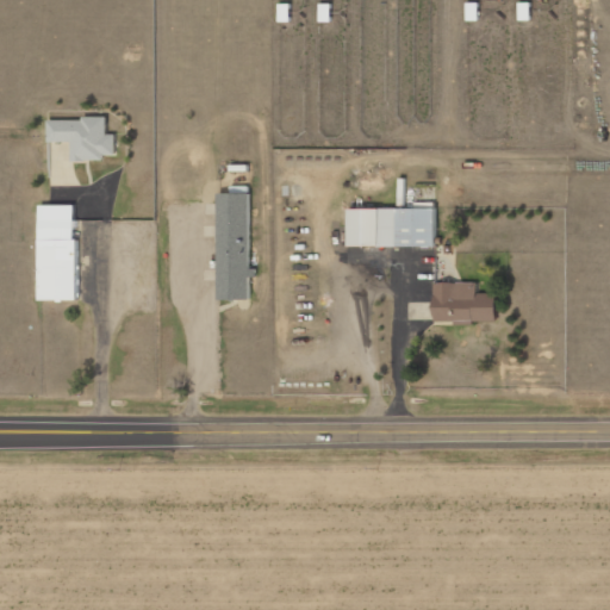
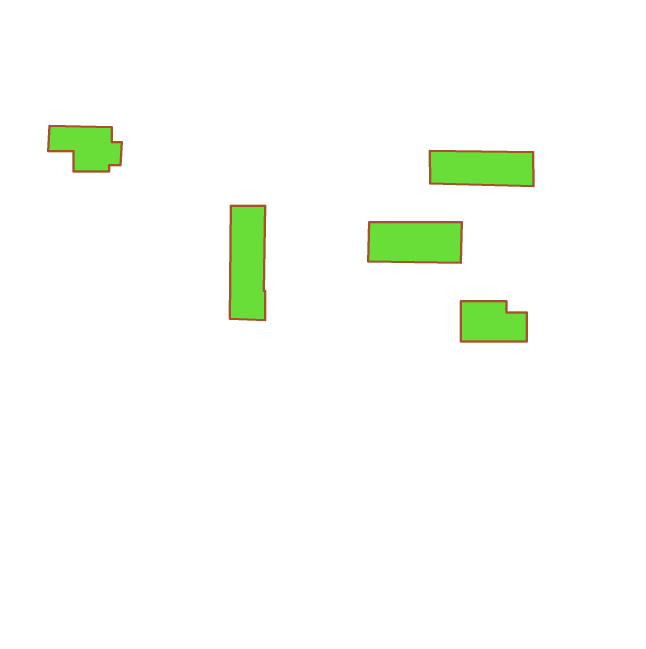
building: none -> [430,151,534,186]
building: [36,205,75,300] -> none

